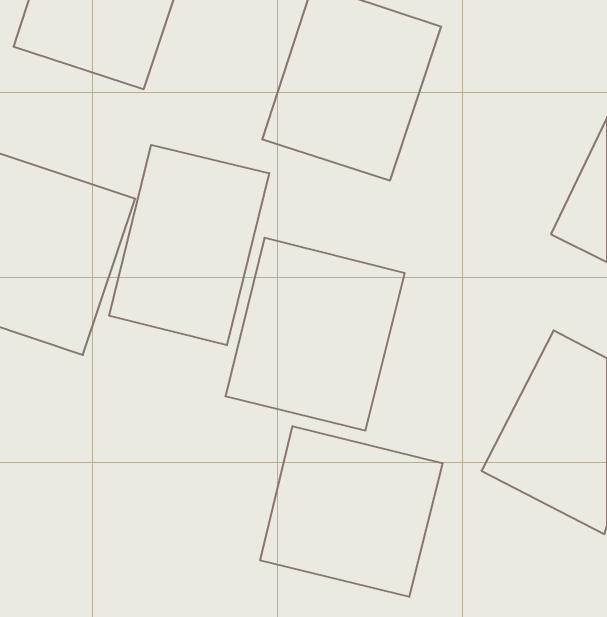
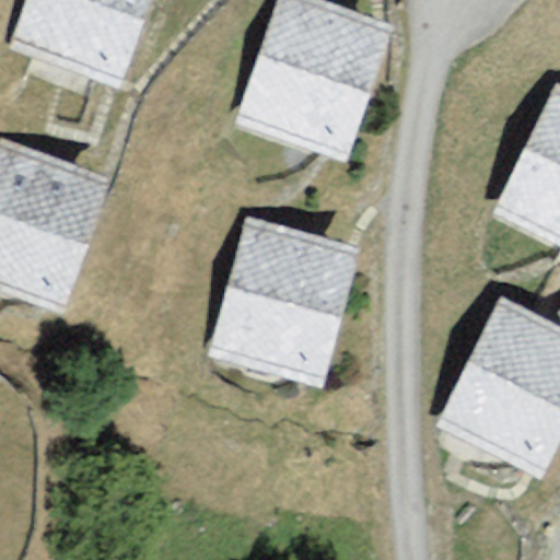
building: [109,145,269,345] -> none
building: [260,426,443,597] -> none

